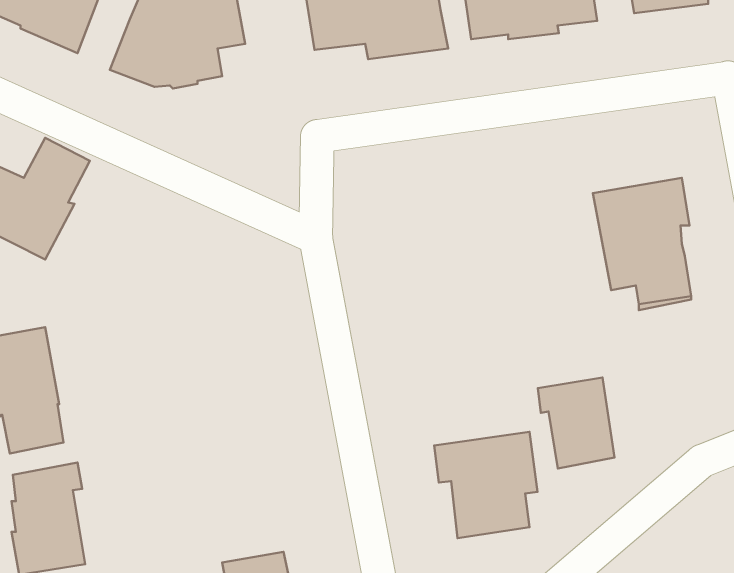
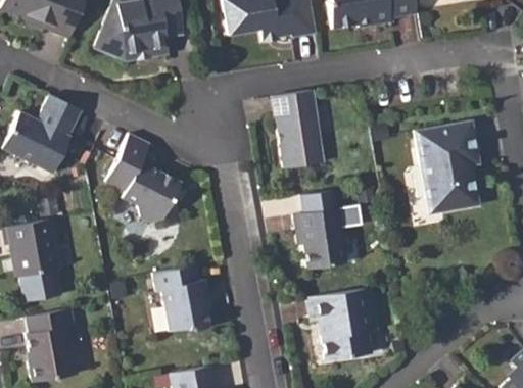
building: none -> [272,89,324,167]
building: none -> [104,133,179,221]
building: [538,378,615,468] -> [294,208,345,269]
building: none -> [153,264,210,331]

